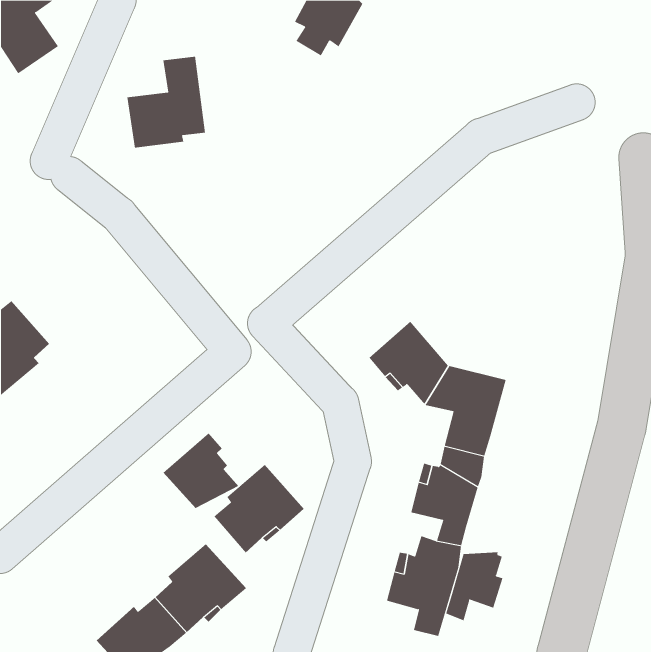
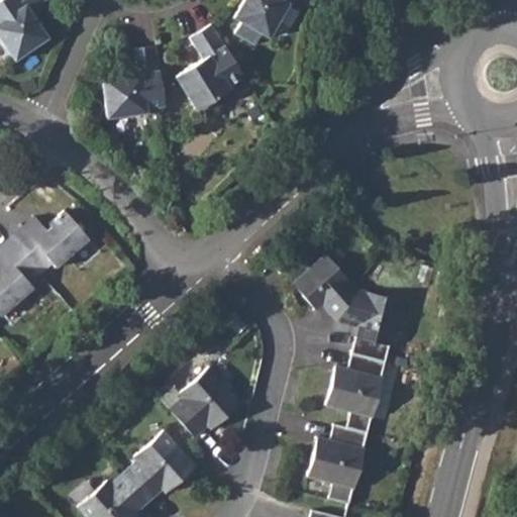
building: none -> [176,24,244,110]
building: none -> [11,210,90,273]
building: [163,433,239,509] -> none
building: [445,551,503,621] -> none

